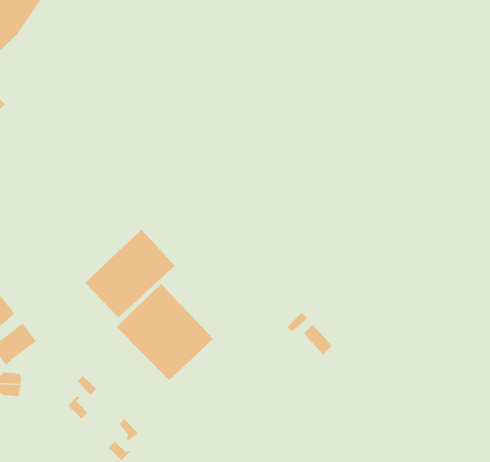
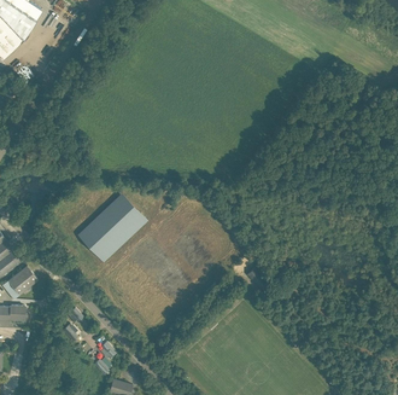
building: [116,283,214,381] -> none

